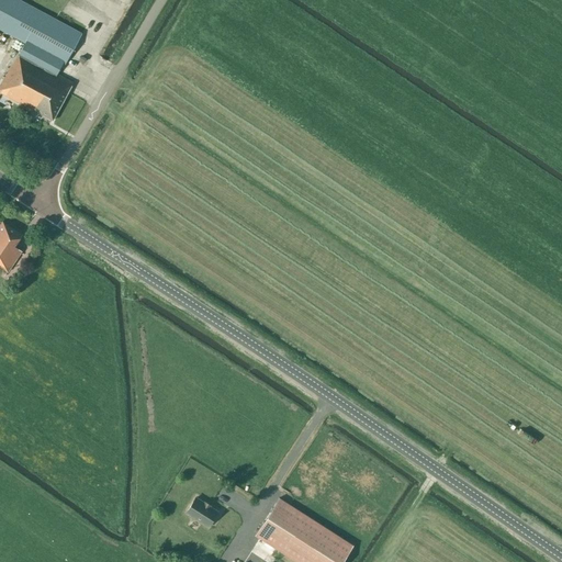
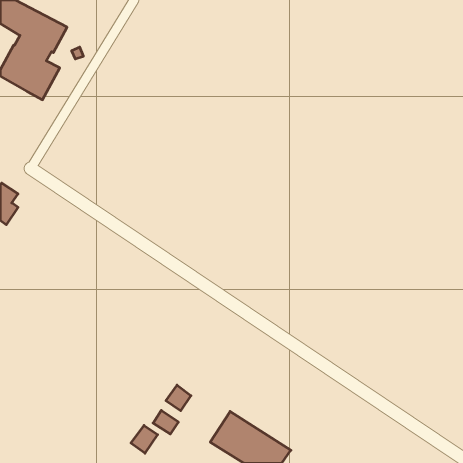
building: none -> [166,385,191,411]
building: none -> [131,425,158,453]

